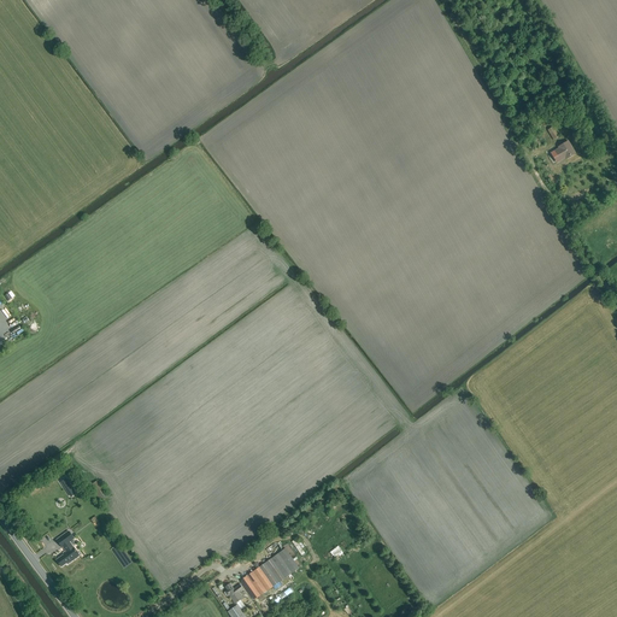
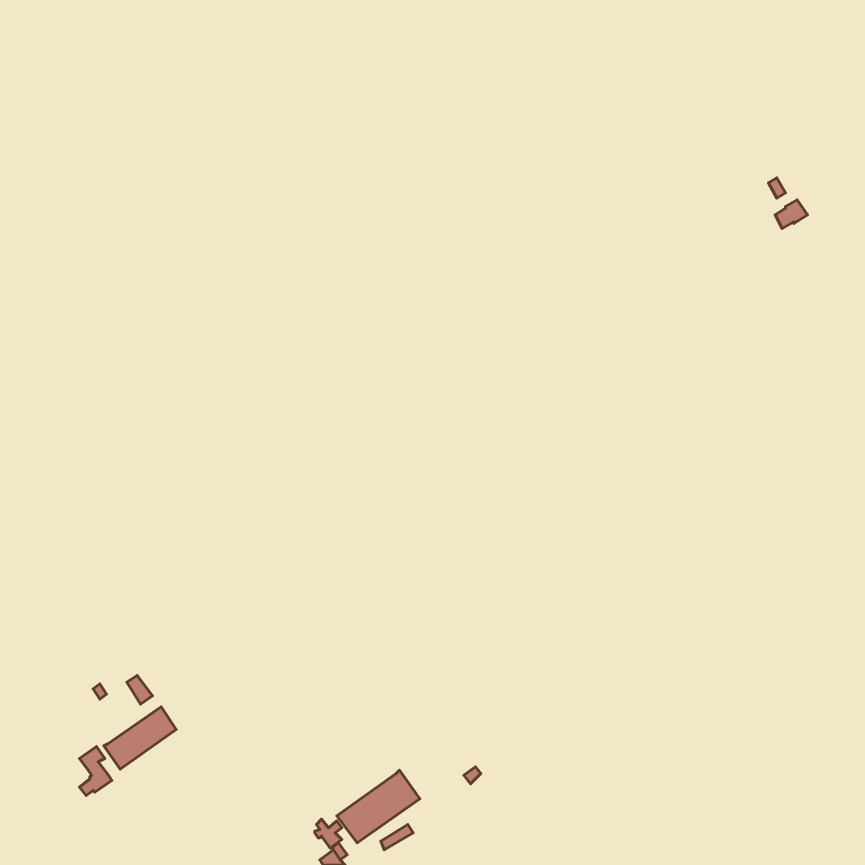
building: none -> [104,707,176,769]

